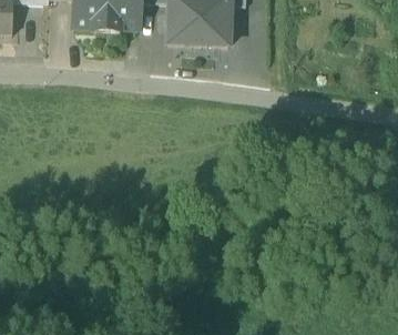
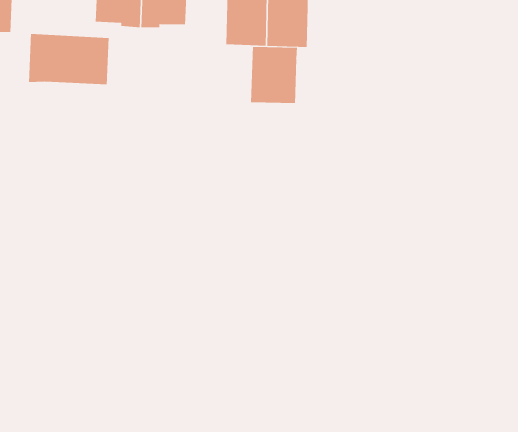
building: none -> [29,33,109,85]
building: none -> [250,46,298,104]

